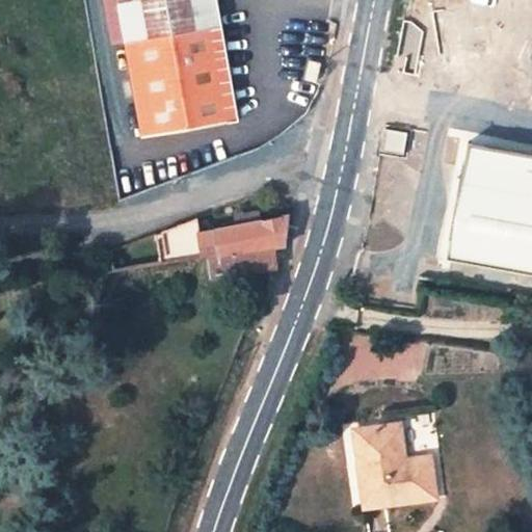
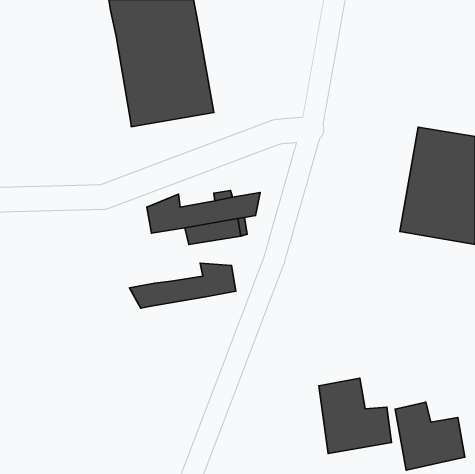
building: none -> [129,263,236,308]
building: none -> [395,402,465,470]

